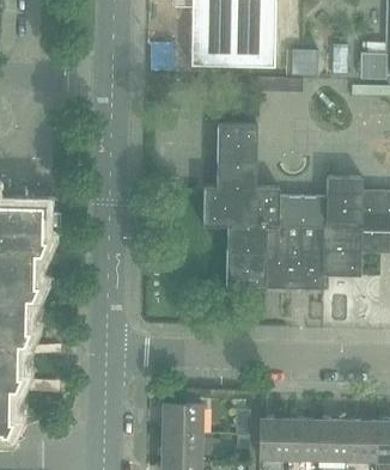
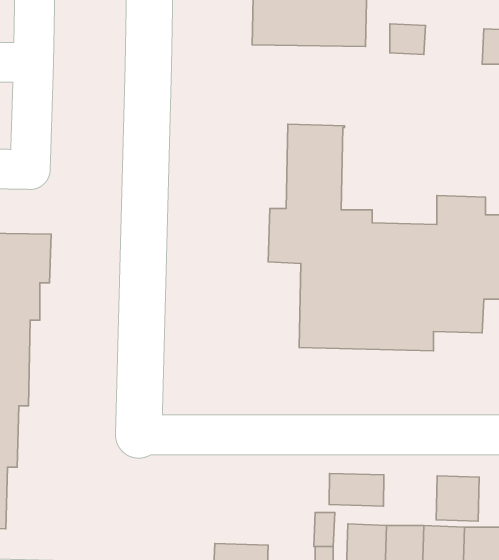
building: none -> [329,473,384,506]
building: none -> [436,476,479,521]
building: [163,403,203,434] -> none

